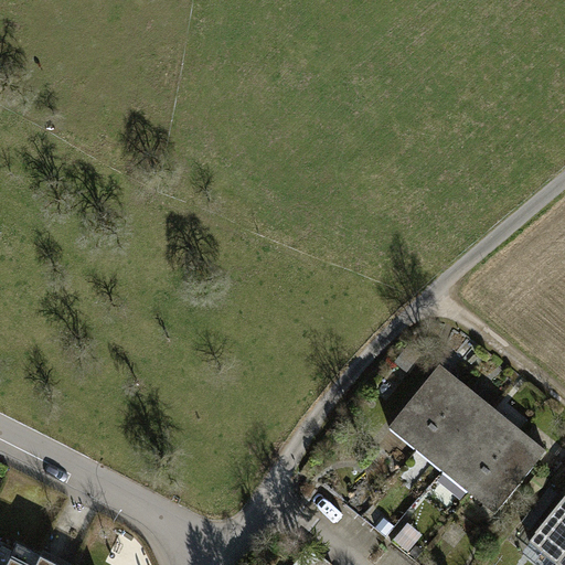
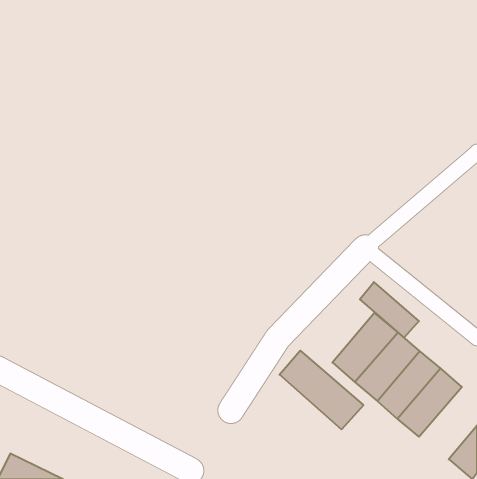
building: none -> [360,282,419,338]
building: none -> [279,351,363,429]

